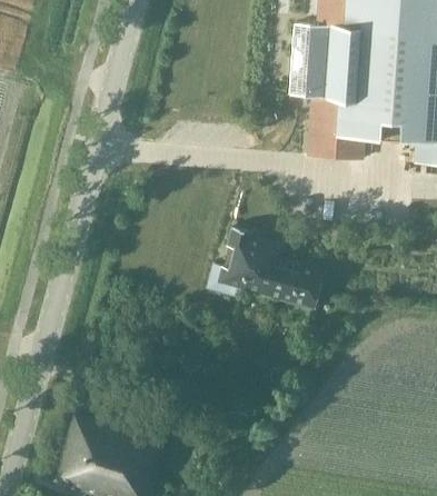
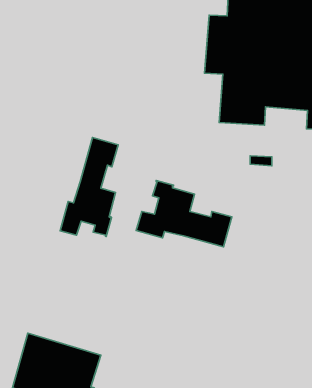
building: none -> [60,137,118,236]

